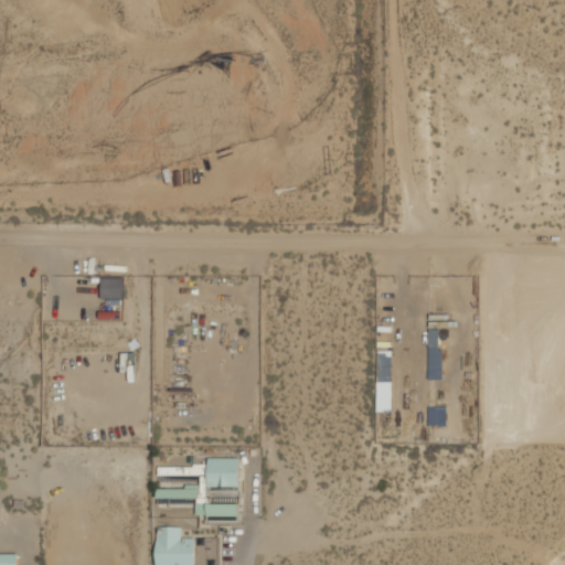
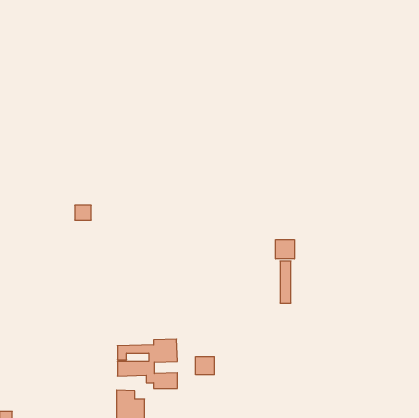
building: none -> [276,240,294,259]
building: none -> [196,357,214,375]

